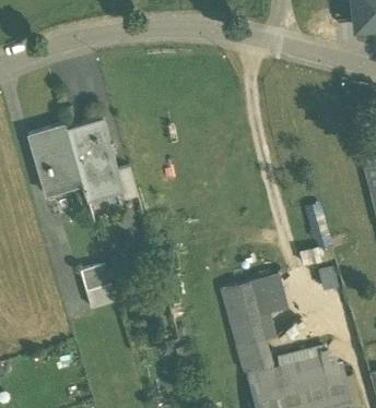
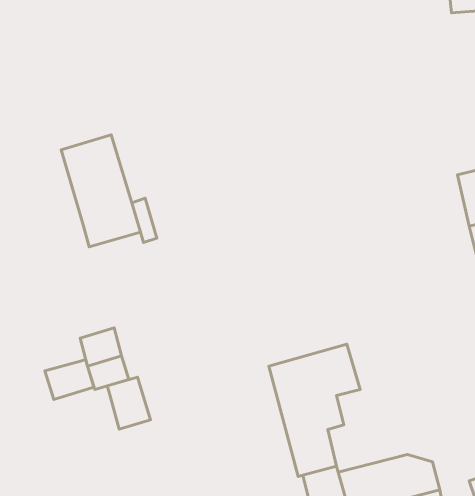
building: [28,125,83,197] -> none
building: none -> [45,360,94,399]
building: none -> [107,377,150,429]

